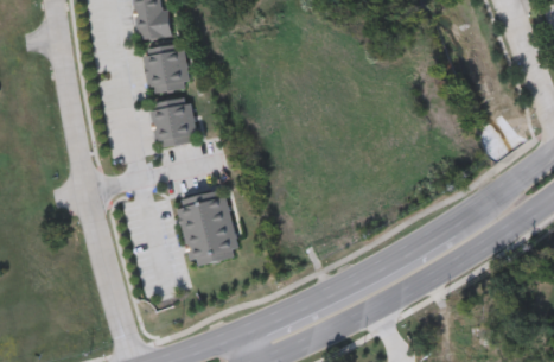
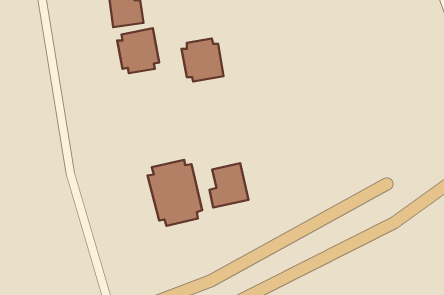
building: [149,99,197,147] -> [182,39,223,81]
building: none -> [209,163,248,208]

